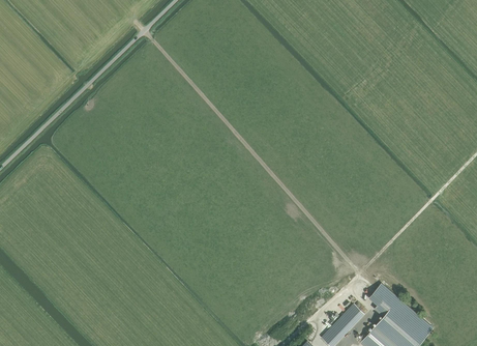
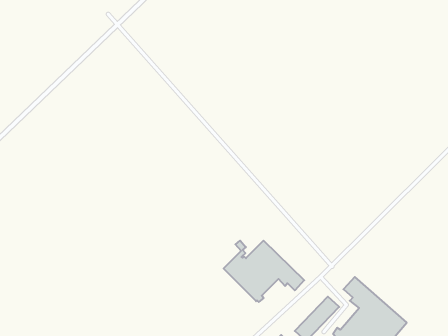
building: none -> [224,241,304,302]

